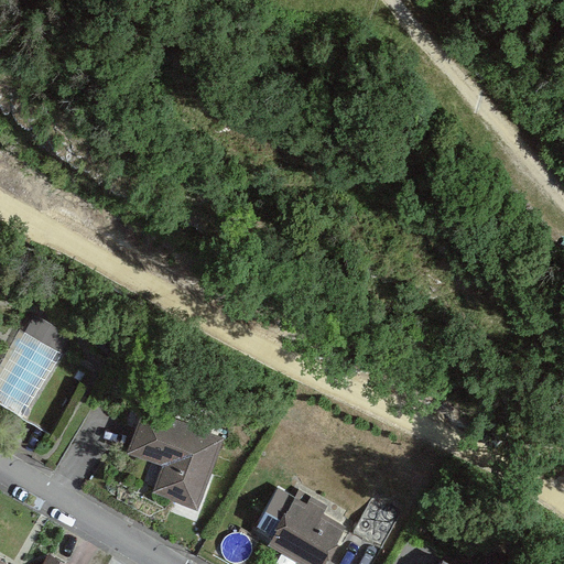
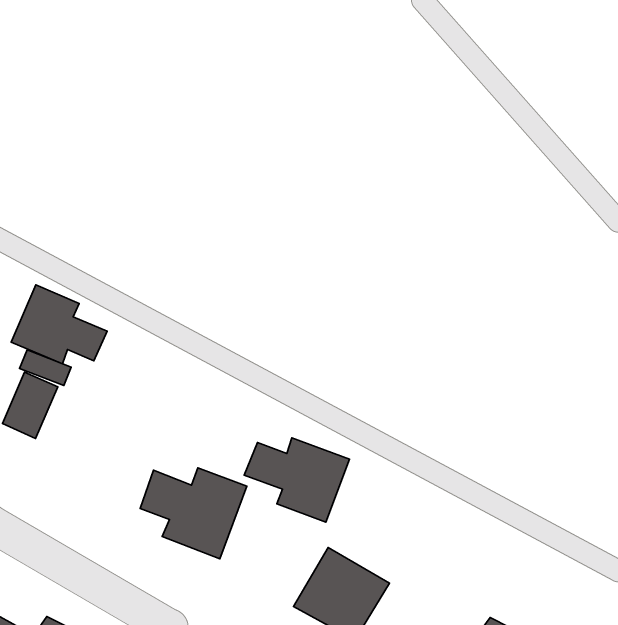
building: none -> [11,285,107,364]
building: none -> [244,438,350,522]

